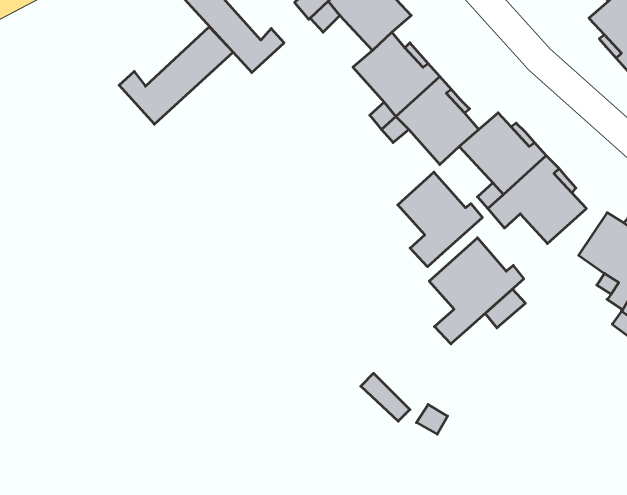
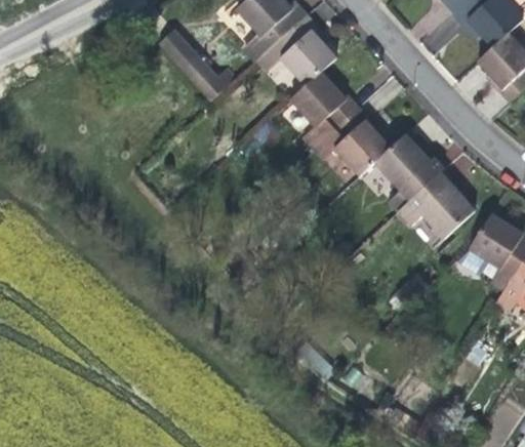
building: [119,27,233,124] -> none
building: [398,172,482,267] -> none
building: [429,238,524,344] -> none

